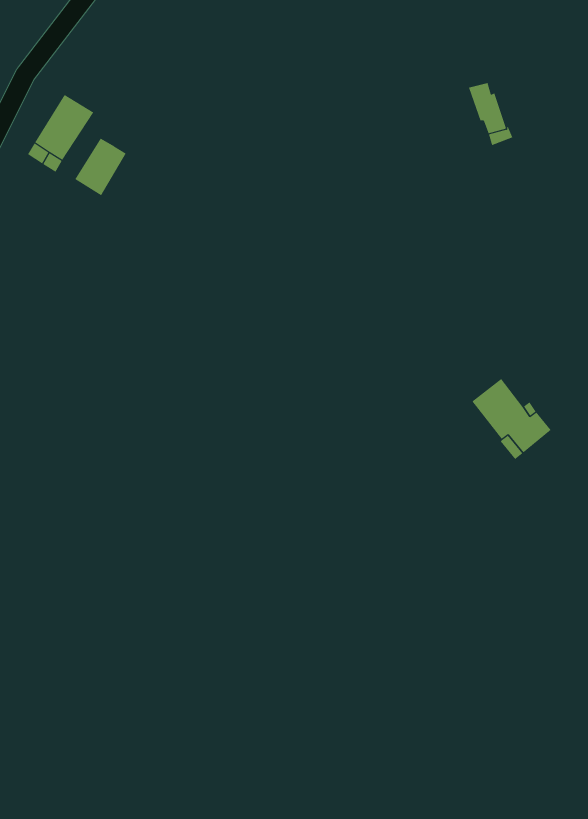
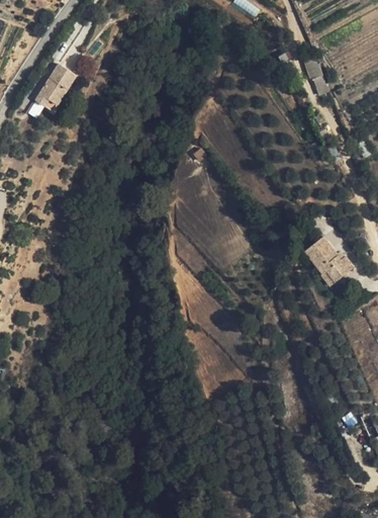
building: [75,138,126,196] -> none

